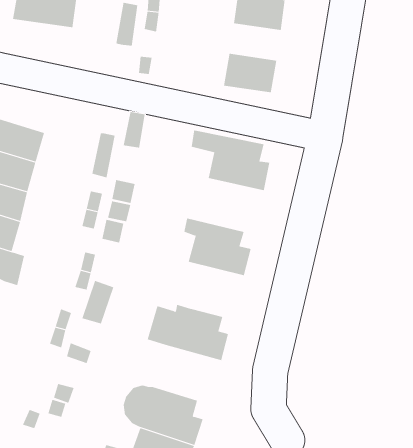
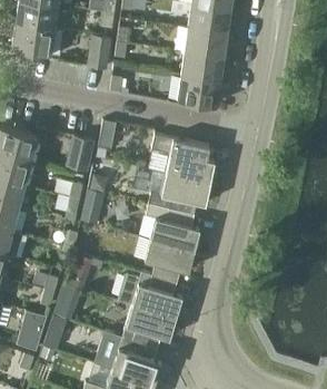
building: none -> [181,52,222,81]
building: none -> [148,174,209,216]
building: none -> [145,240,194,283]
building: none -> [121,305,176,349]
building: none -> [16,311,47,351]

